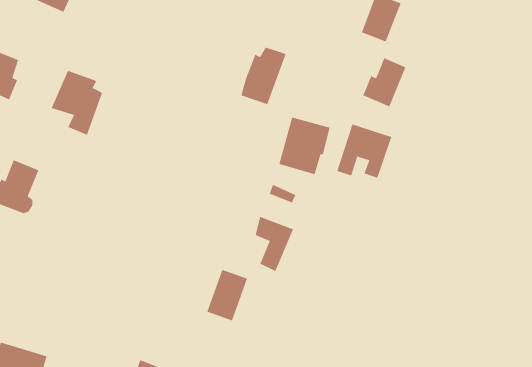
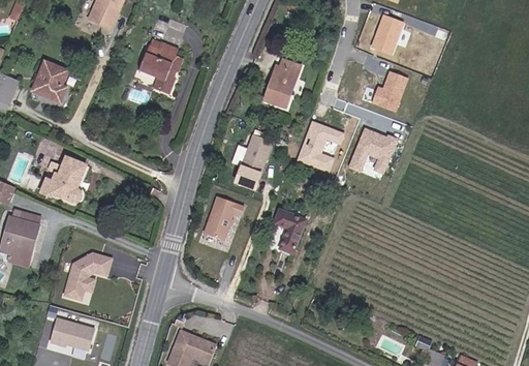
building: [51,70,103,135] -> [139,39,185,96]
building: none -> [237,132,272,176]
building: none -> [60,250,111,302]
building: [207,269,248,321] -> [199,193,236,239]

